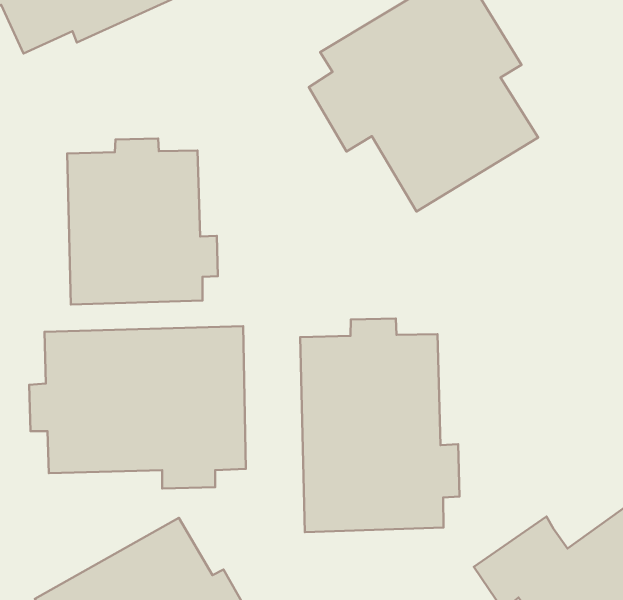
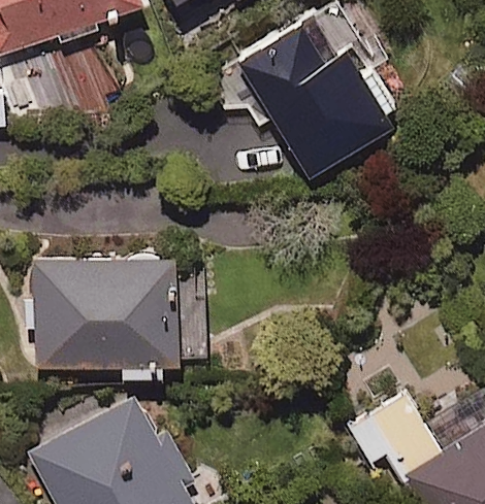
building: [67,139,218,305] -> none
building: [300,318,459,532] -> none

